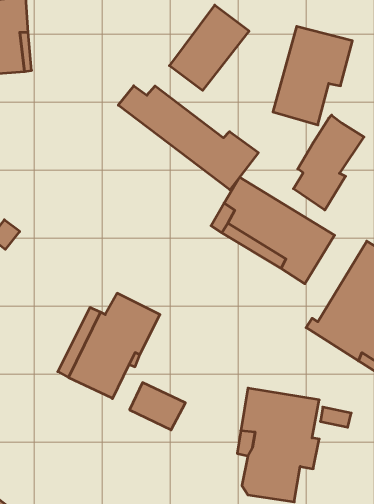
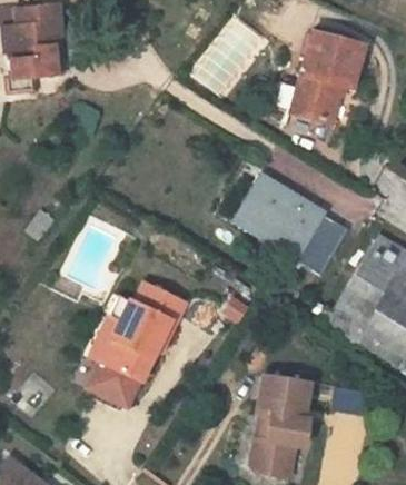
building: [118,86,258,190] -> none
building: [293,115,364,210] -> none
building: [130,383,185,430] -> [87,362,139,406]

